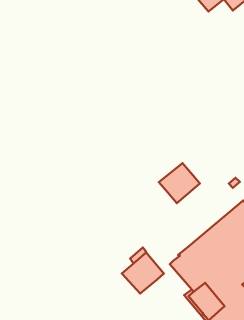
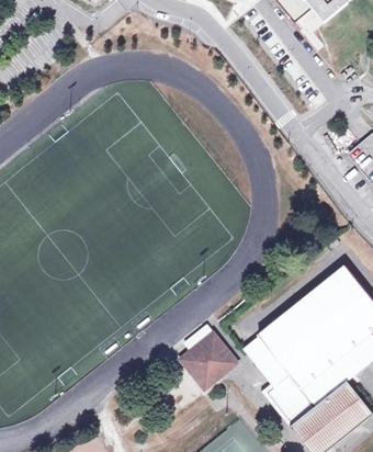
building: [159,163,200,203] -> none

